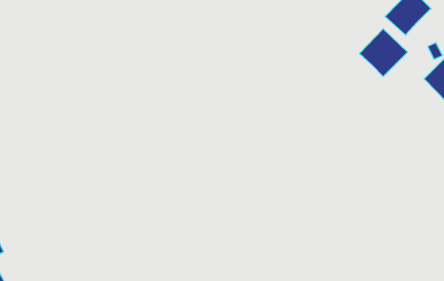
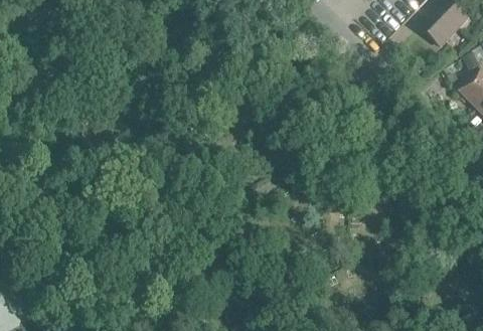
building: [360,29,407,76] -> none

